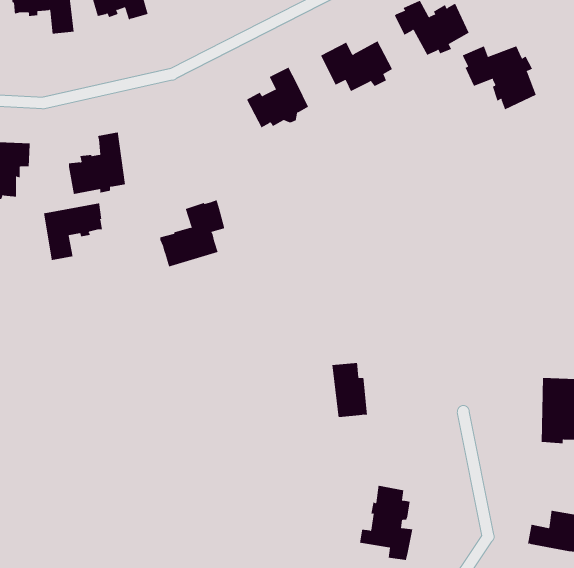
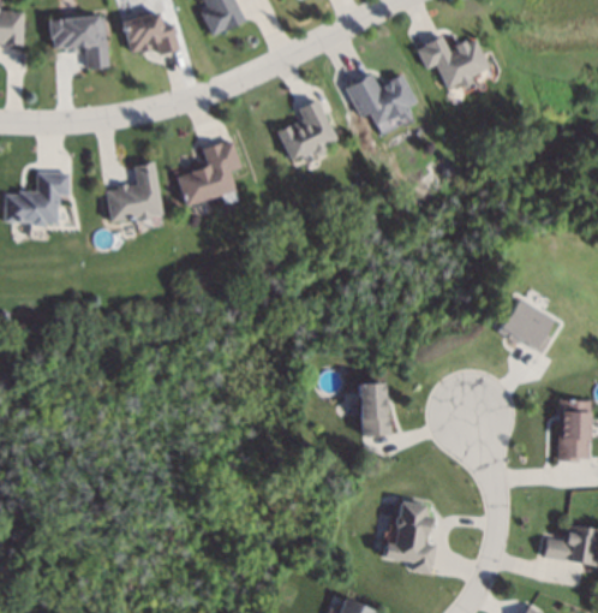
building: [463,46,536,110] -> none
building: [160,200,225,267] -> [177,138,239,203]
building: [43,203,103,261] -> none
building: none -> [500,298,554,353]

